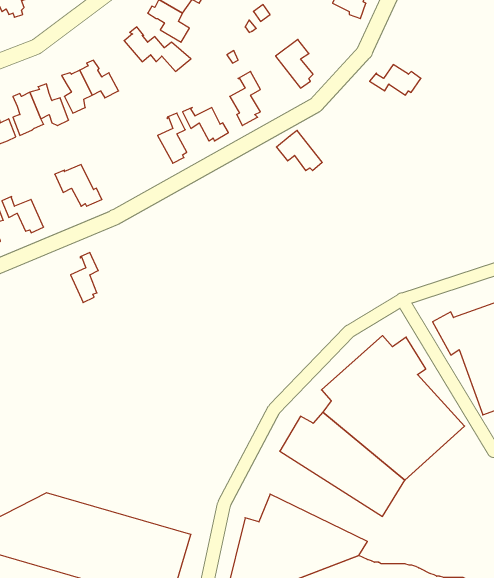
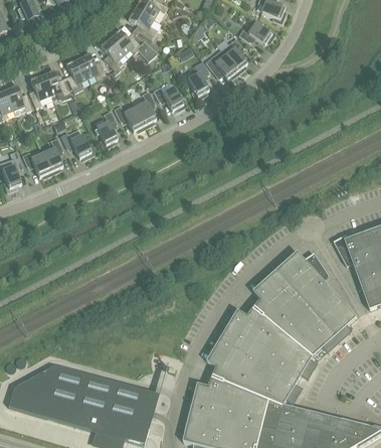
building: none -> [100,36,124,72]
building: [370,65,421,95] -> [238,20,275,42]
building: [276,130,322,171] -> [205,47,238,77]
building: none -> [114,103,146,129]
building: none -> [97,108,118,146]
building: [71,253,98,303] -> [43,135,63,171]
building: none -> [207,333,298,399]

